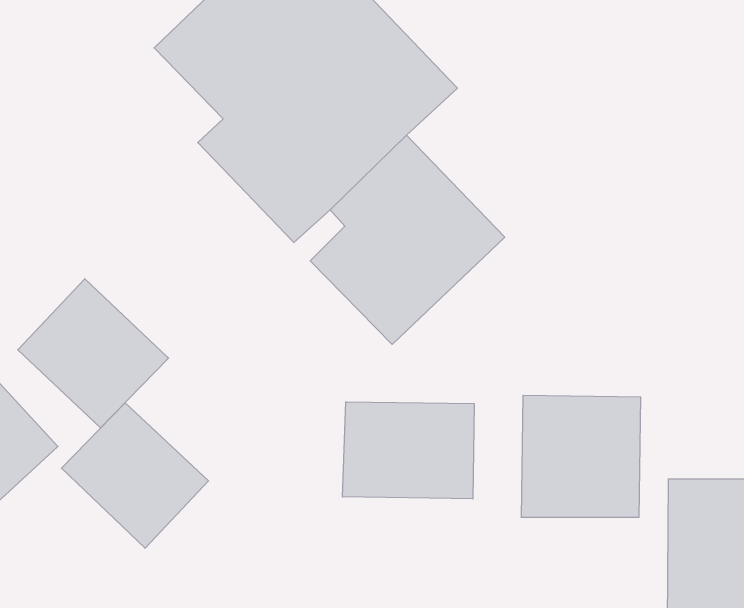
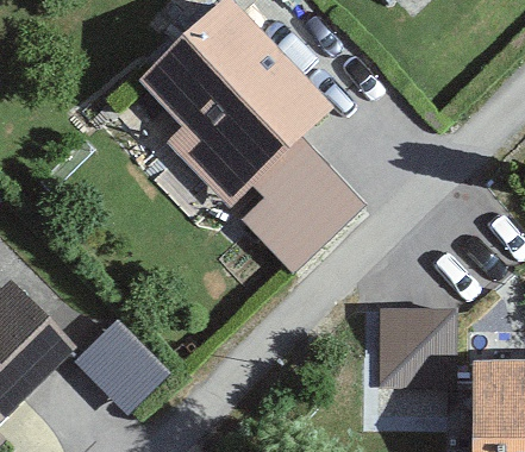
building: [18,279,169,428] -> none
building: [343,402,474,499] -> none

